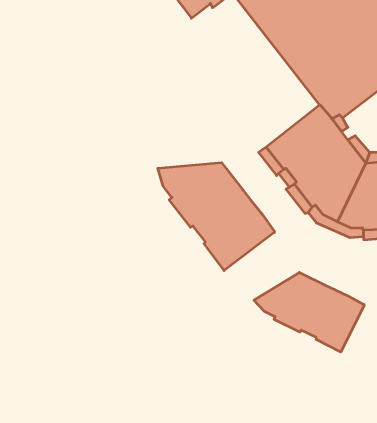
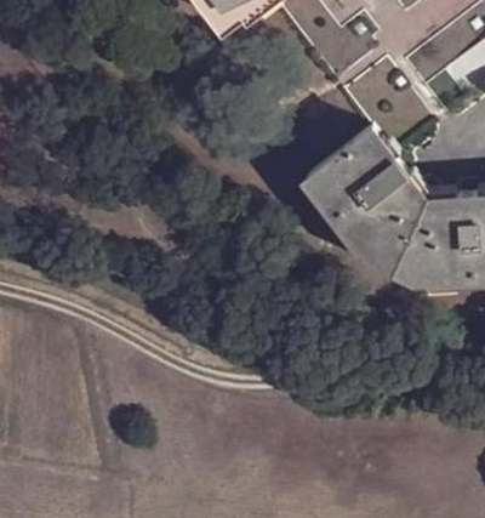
building: [158,163,274,271] -> none
building: [254,272,364,352] -> none

